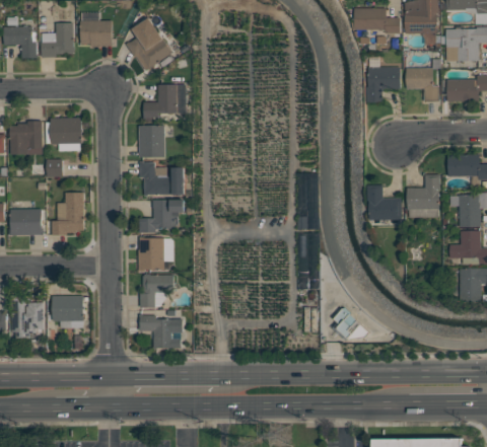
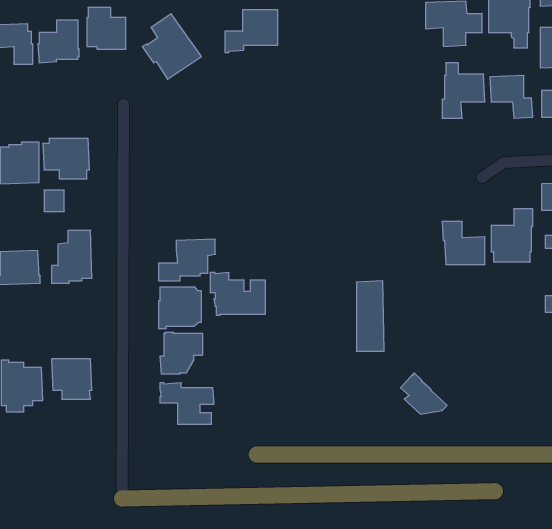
building: [143,84,186,119] -> [225,10,278,53]
building: [138,125,164,157] -> none
building: [139,161,184,196] -> [210,272,265,315]

